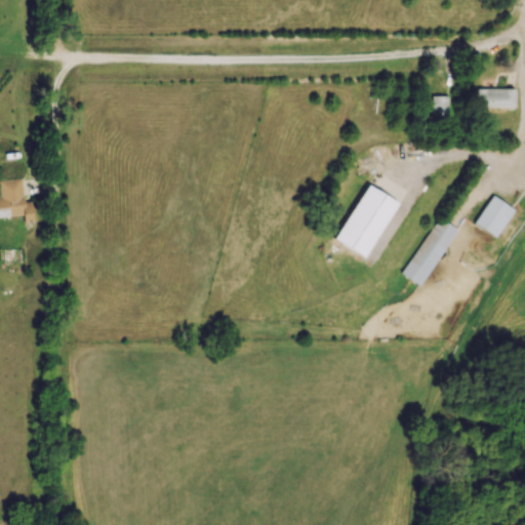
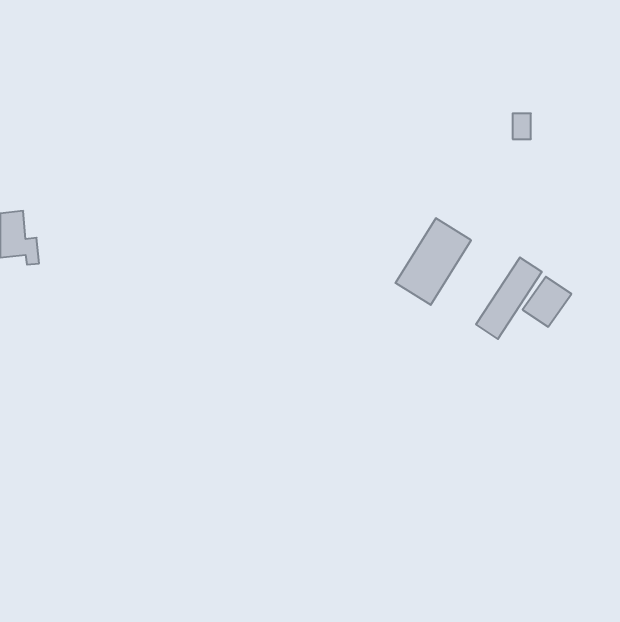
building: [478,88,517,109] -> none
building: [475,196,516,238] -> [523,277,571,327]

